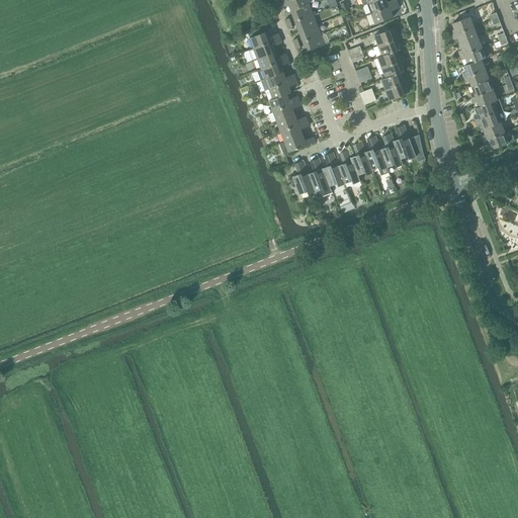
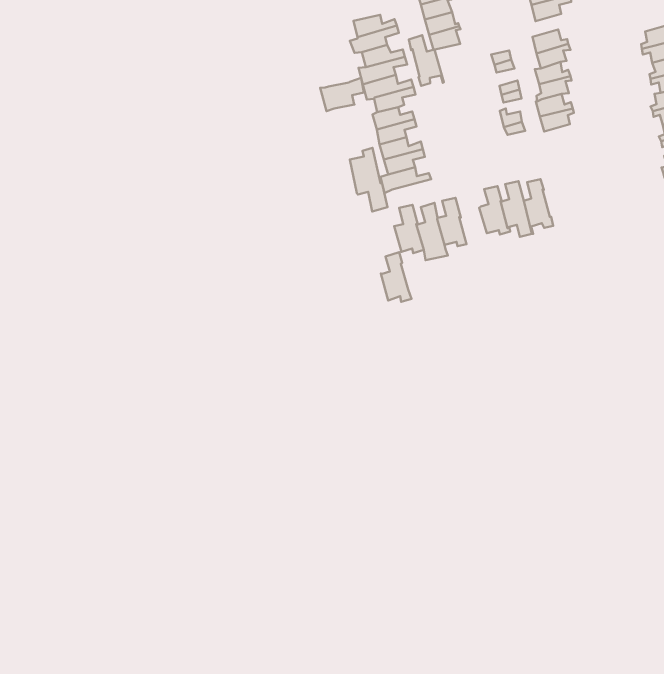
building: none -> [409,35,444,86]
building: none -> [320,78,364,111]
building: none -> [350,148,388,211]
building: [394,124,426,162] -> none
building: [338,150,361,184] -> [381,252,412,302]

